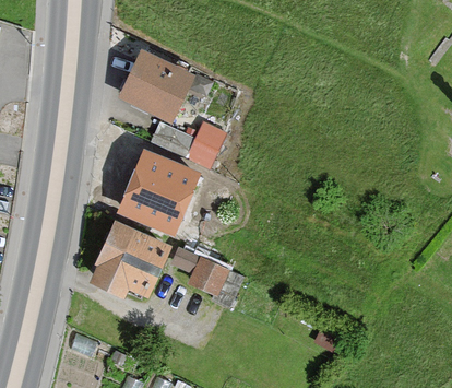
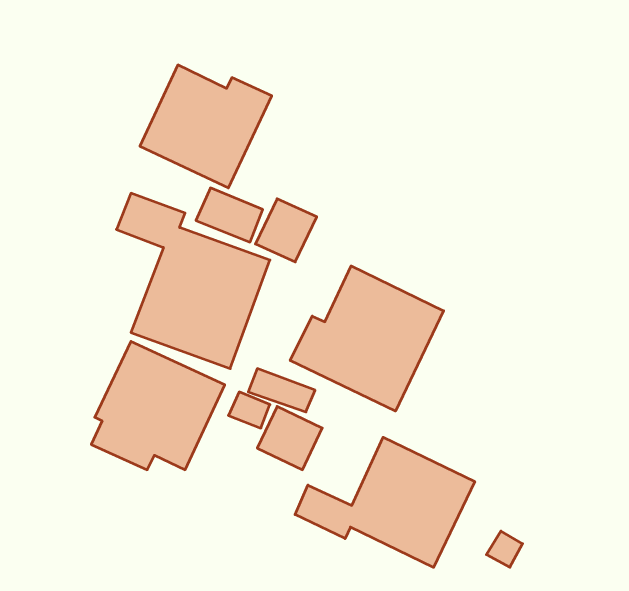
building: none -> [290,266,444,411]
building: none -> [295,437,475,567]

